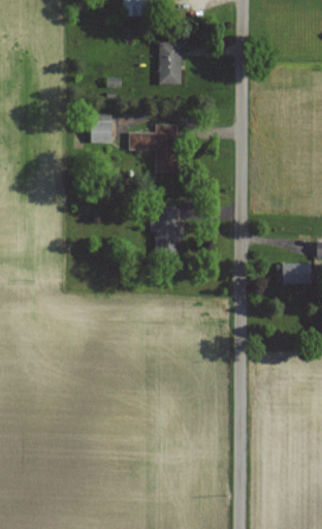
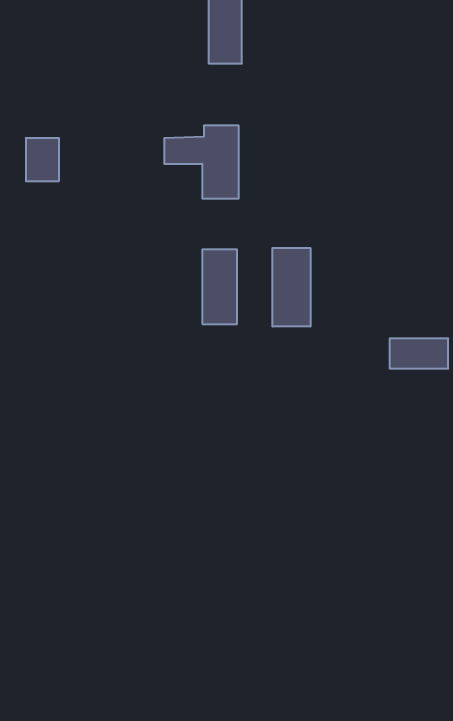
building: [90,115,111,143] -> [26,138,59,181]
building: none -> [272,248,310,327]

